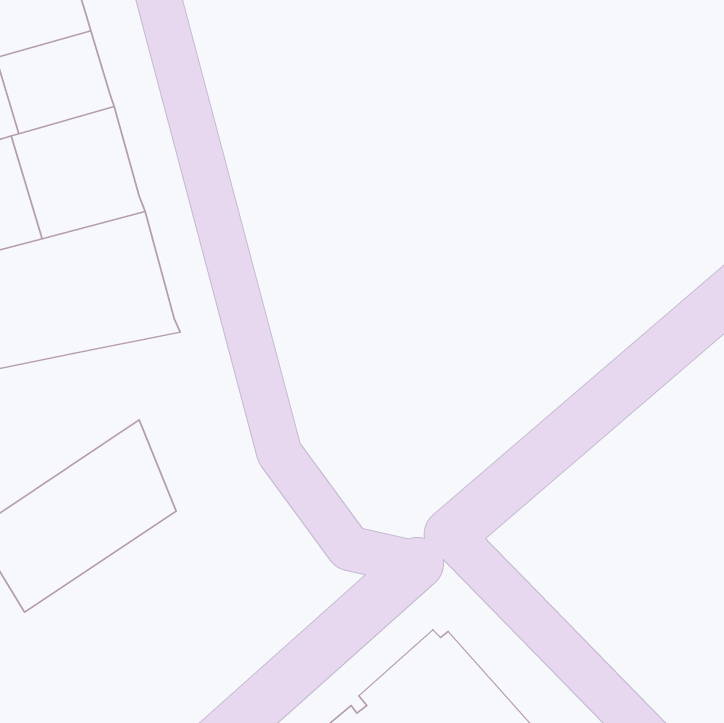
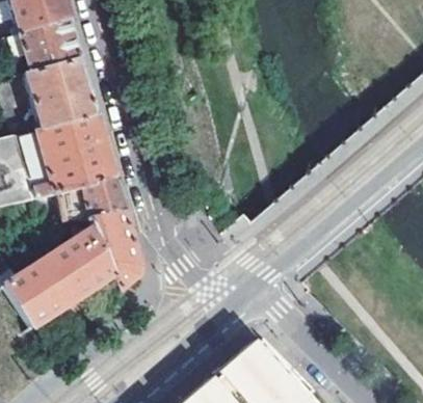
building: none -> [61,180,143,301]

